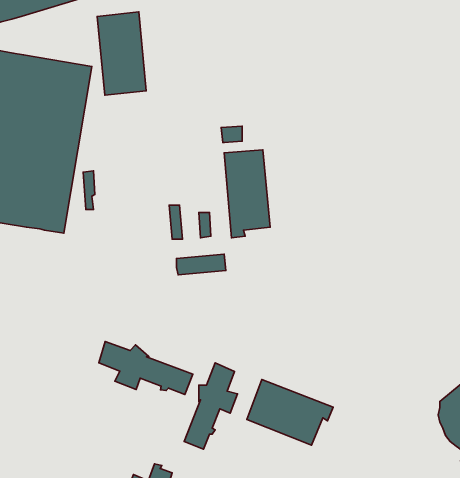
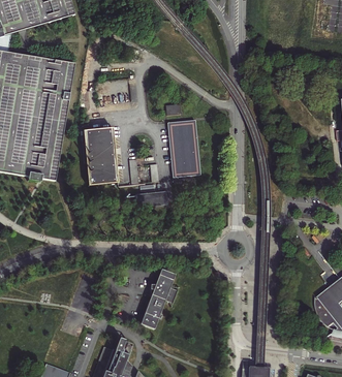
building: [97,12,146,95] -> [82,128,116,186]
building: [99,341,193,394] -> none
building: [247,380,333,445] -> none

